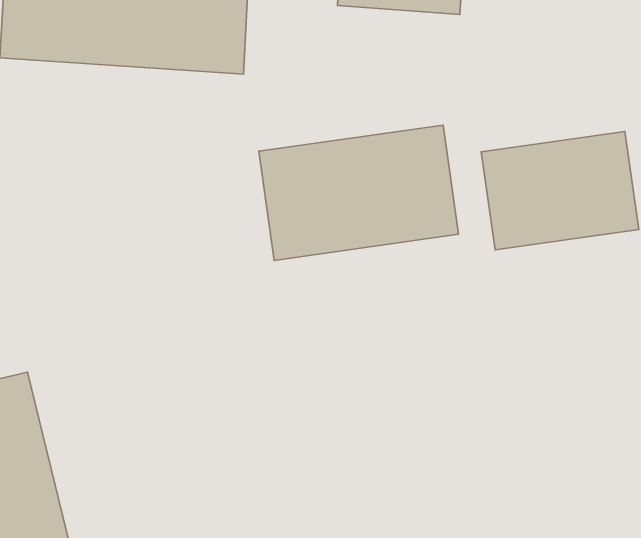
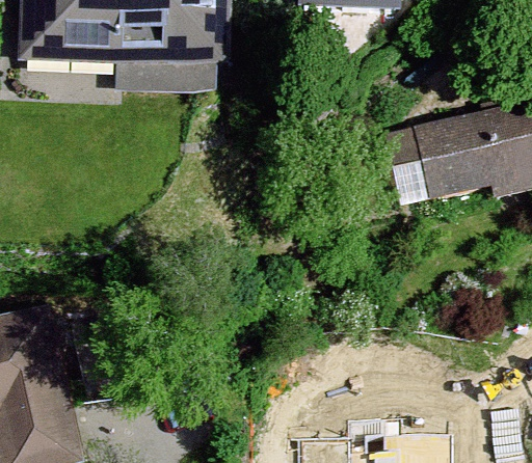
building: [259,125,458,260] -> none

